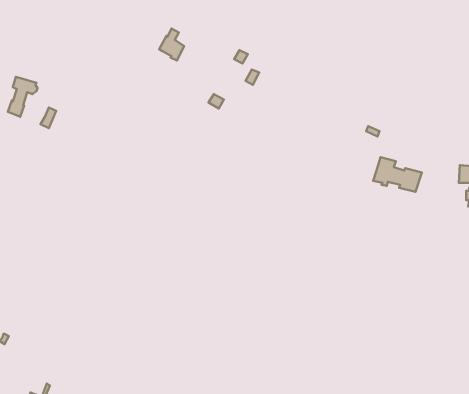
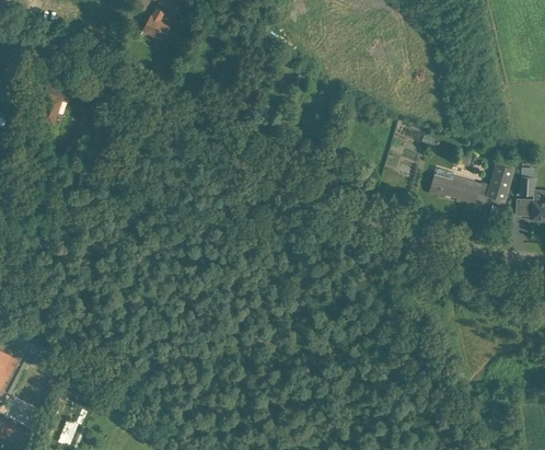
building: [159,29,184,60] -> [143,8,170,42]
building: none -> [486,163,515,201]

